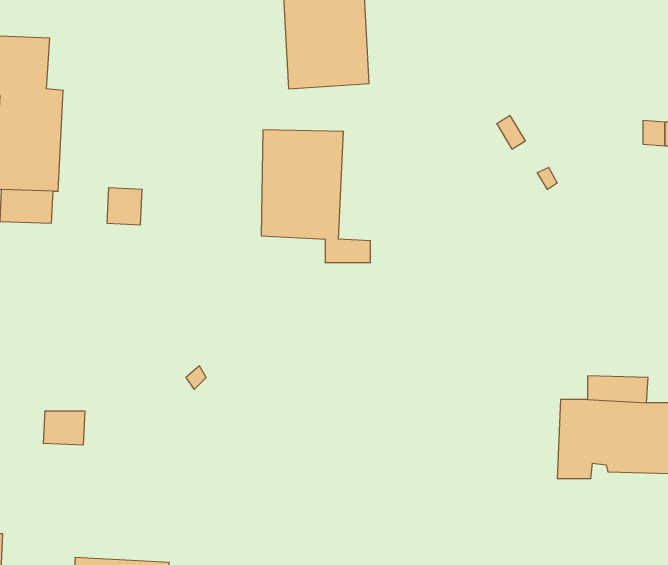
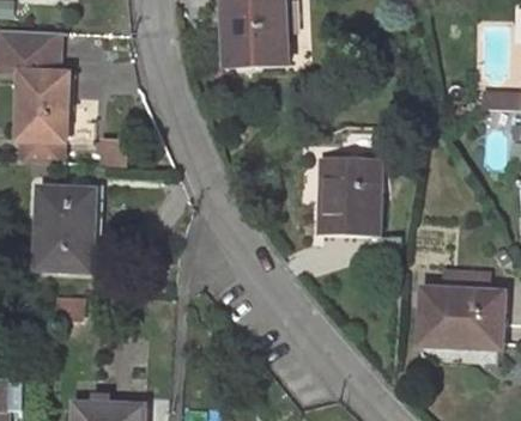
building: [261,130,370,263] -> [321,158,399,252]
building: none -> [36,188,92,269]

